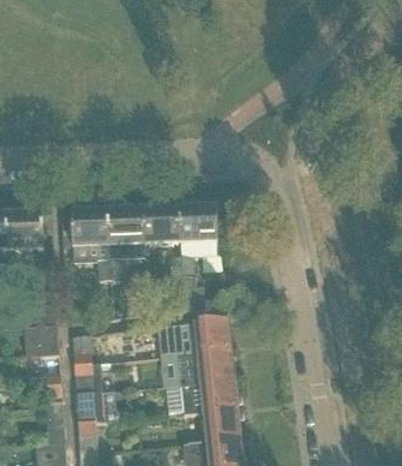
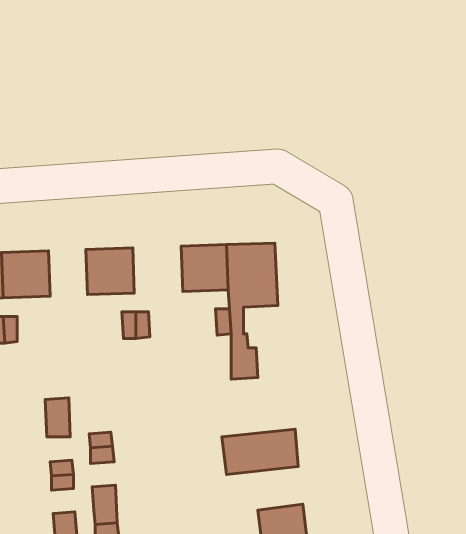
building: [107,208,145,244] -> none
building: [175,318,232,354] -> none
building: [179,377,238,412] -> none

